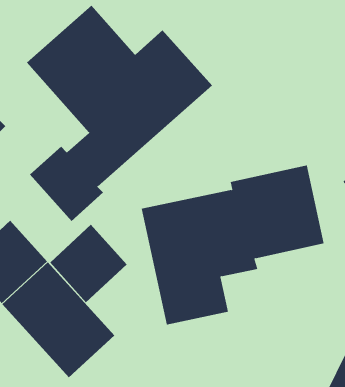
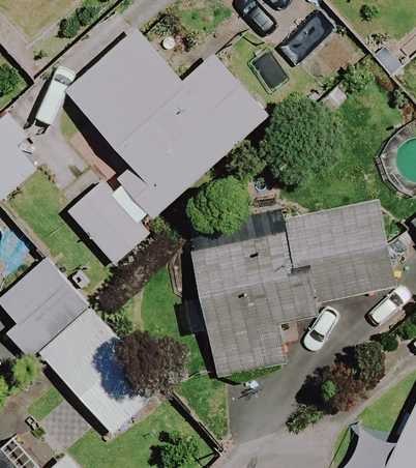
building: [50,224,128,303] -> none

